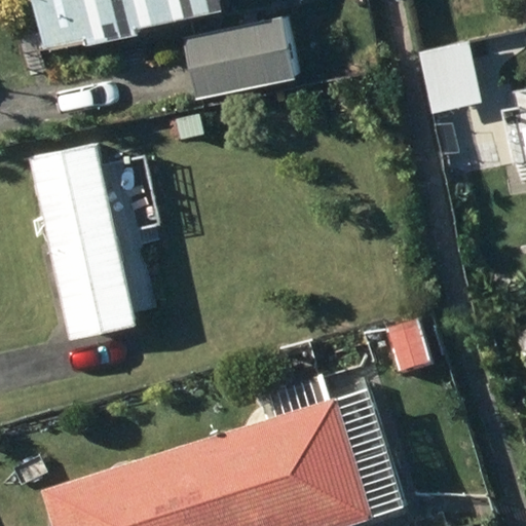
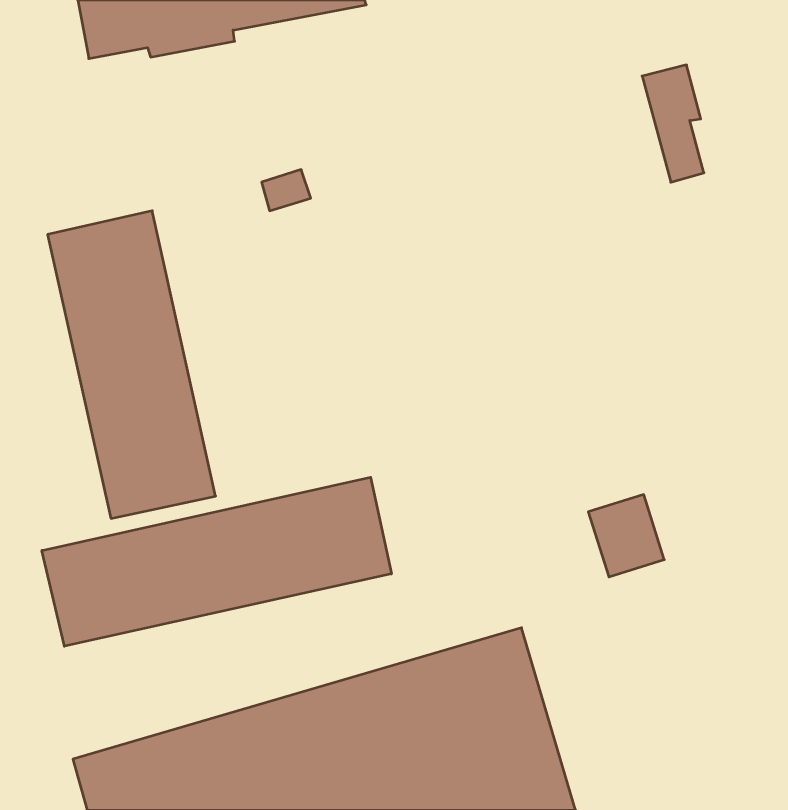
building: [183,12,297,105] -> none
building: none -> [42,477,391,646]

